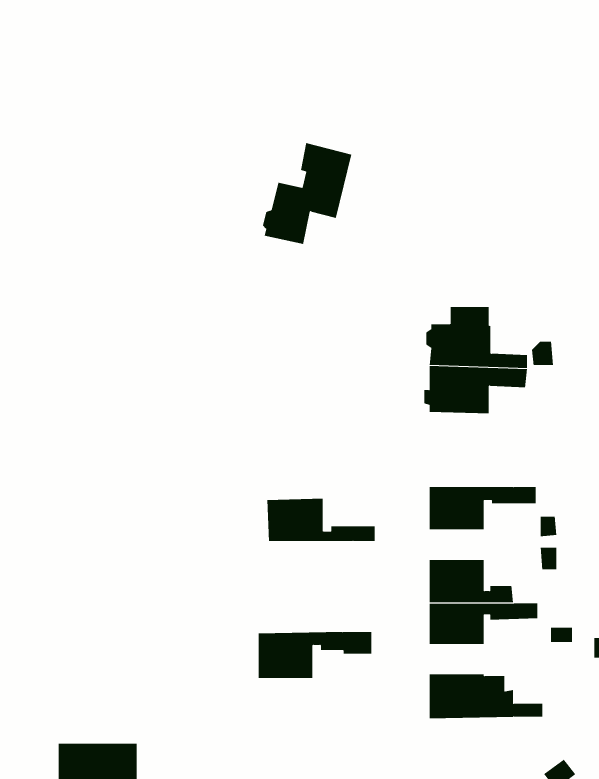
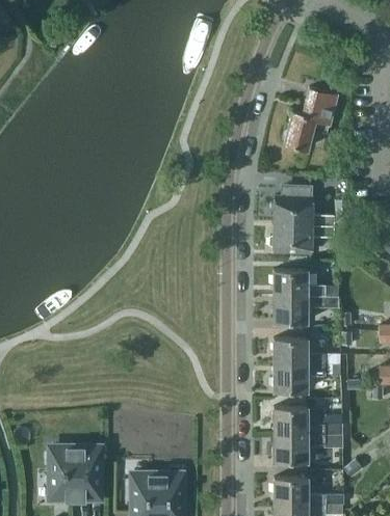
building: [262,142,352,245] -> [283,88,337,150]
building: [266,498,376,541] -> [274,270,339,296]
building: [258,632,372,678] -> [275,434,343,462]

